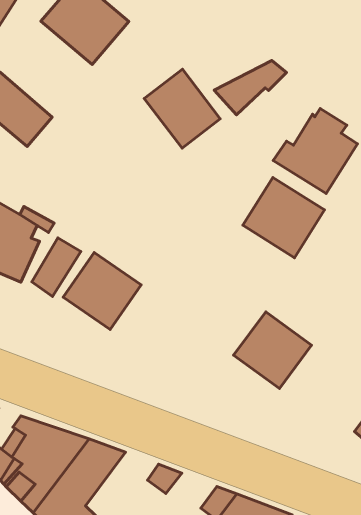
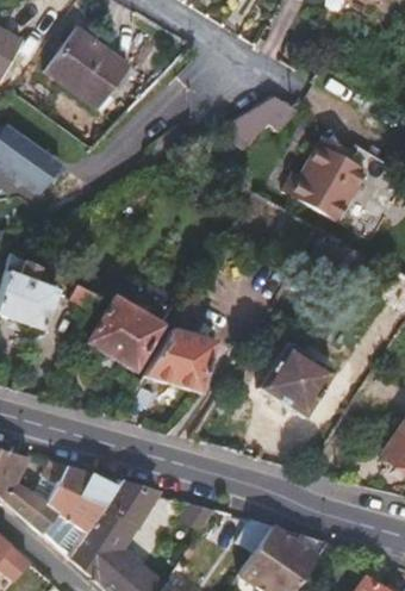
building: [144,69,220,148] -> none
building: [243,177,324,258] -> none
building: none -> [144,312,216,392]

